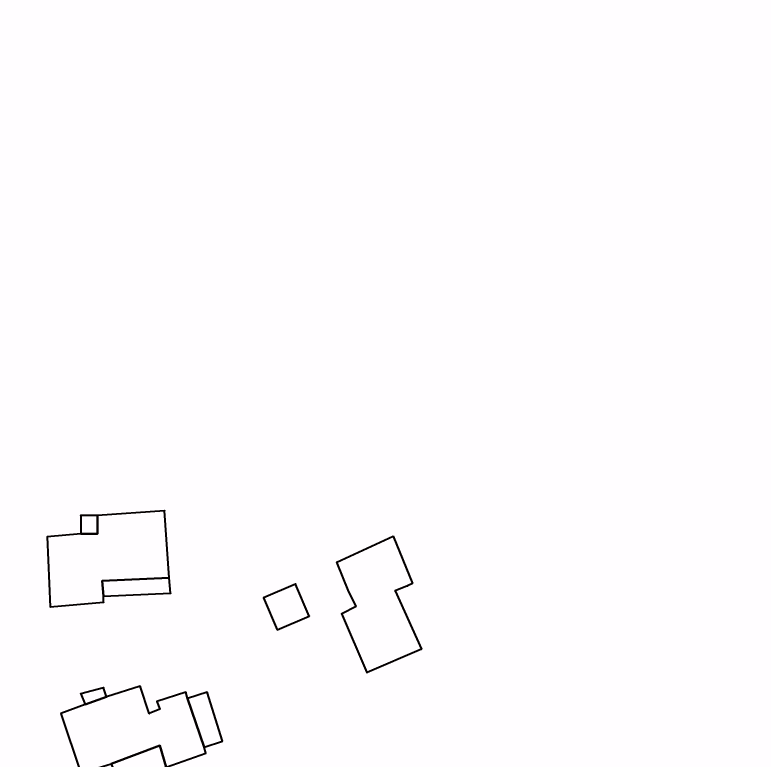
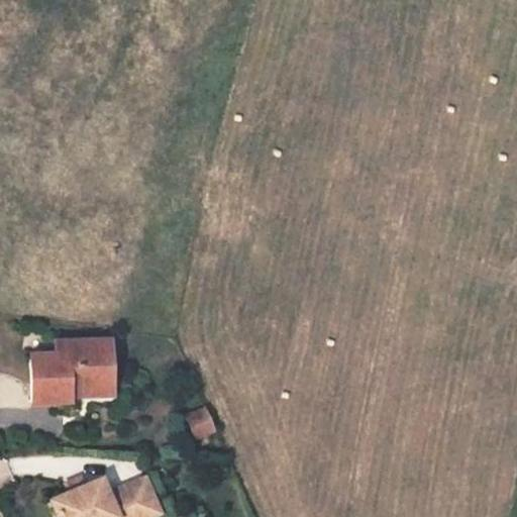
building: [337,536,421,673] -> none

